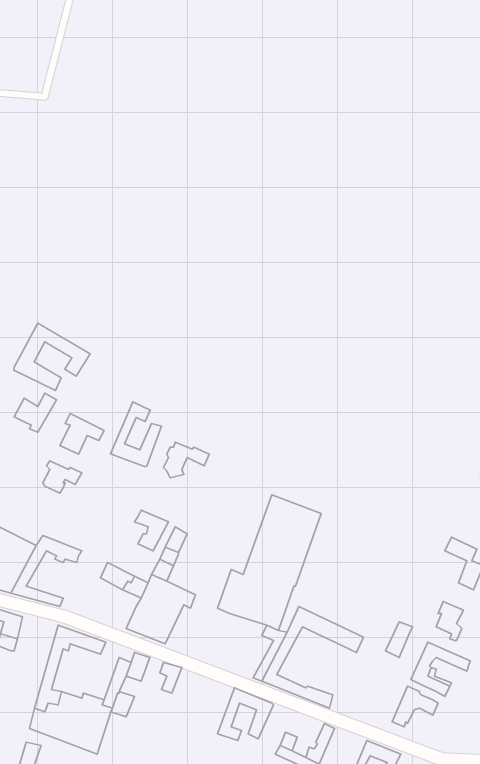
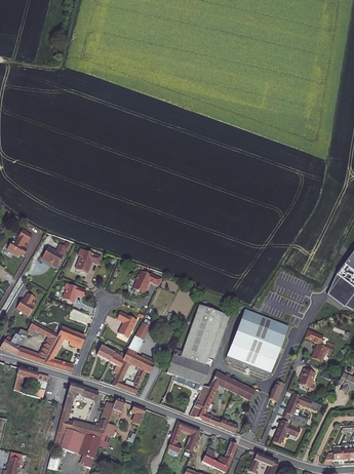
building: [14,323,90,391] -> none
building: [111,402,162,467] -> none
building: none -> [227,309,289,377]

